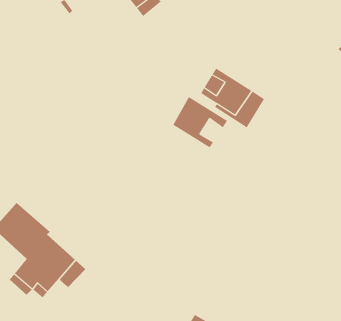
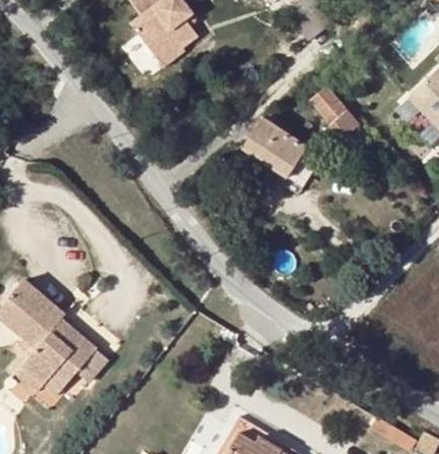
building: none -> [310,86,358,145]
building: [172,96,228,148] -> none

